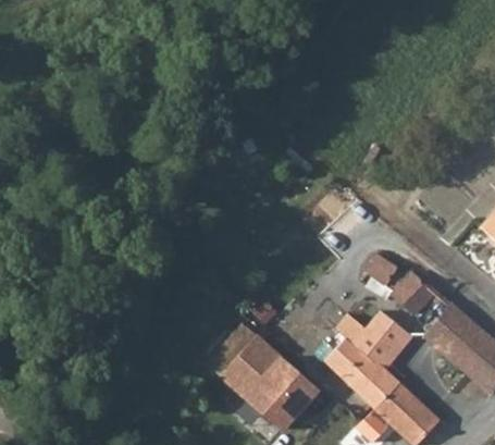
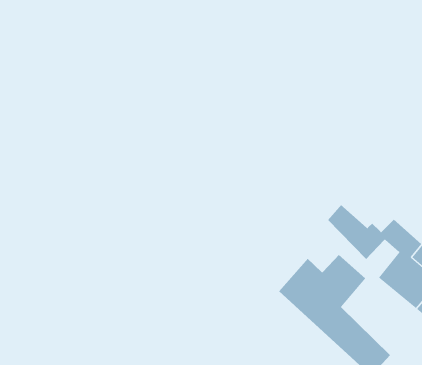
building: [220,333,314,428] -> none

